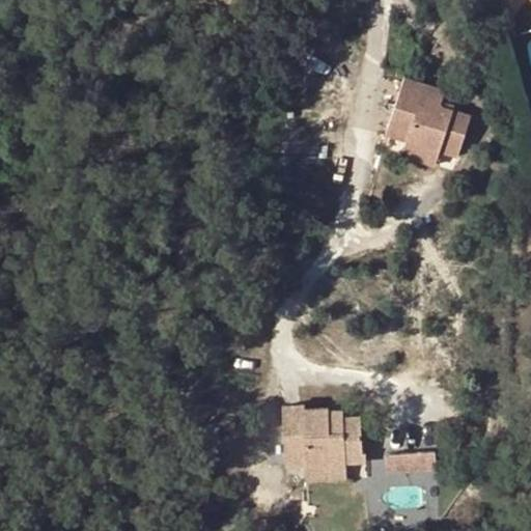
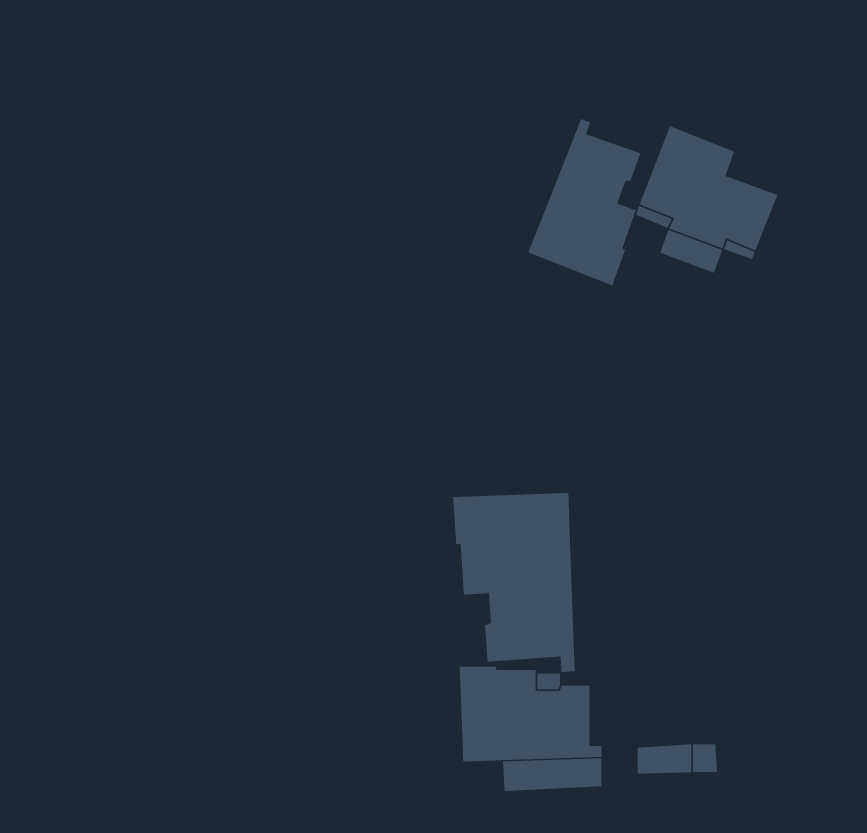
building: none -> [527,118,641,287]
building: none -> [452,492,575,673]

